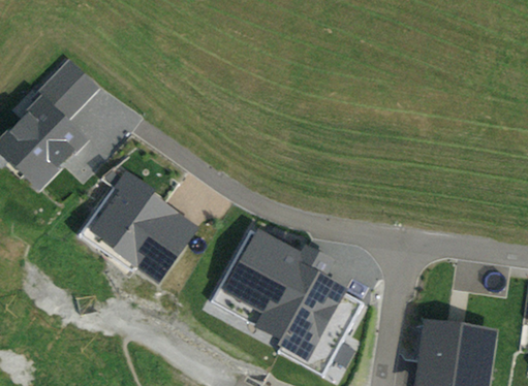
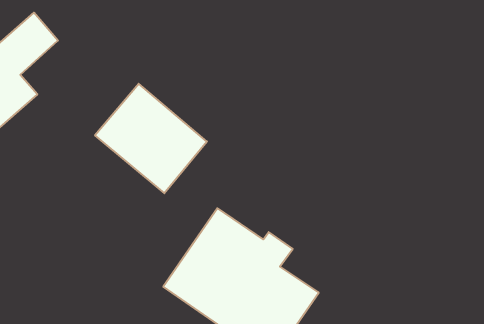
building: [90,180,194,279] -> [95,84,207,193]

